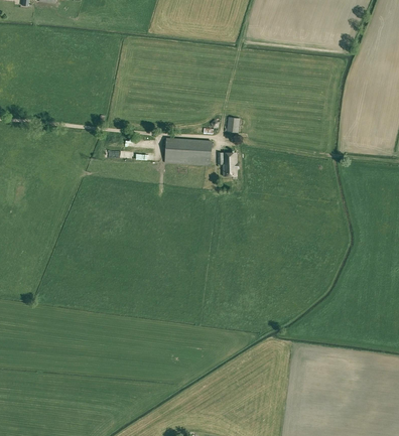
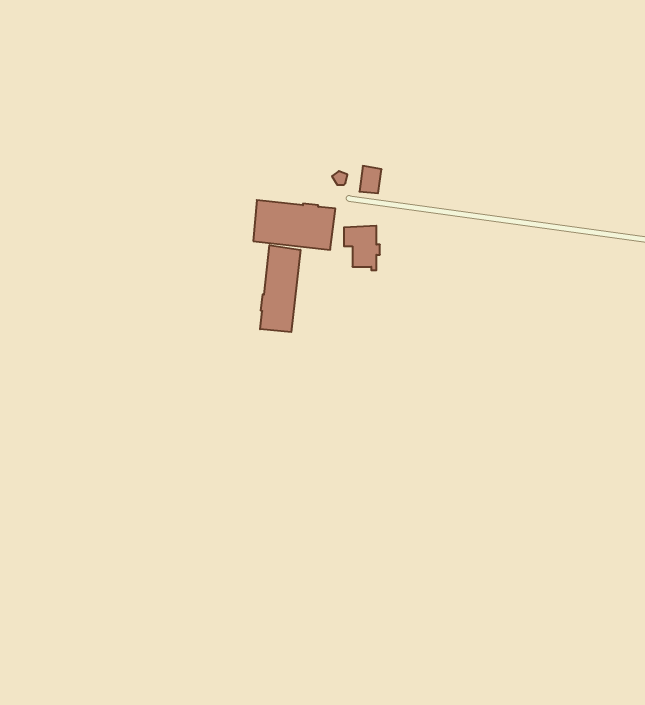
building: none -> [260,245,300,332]

